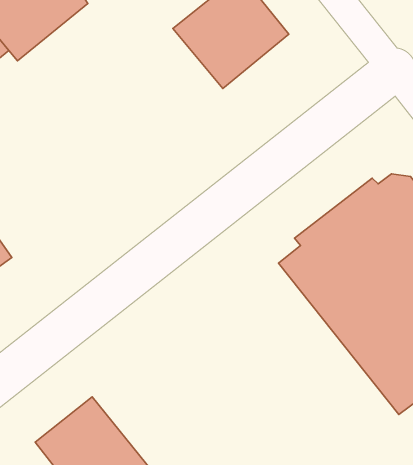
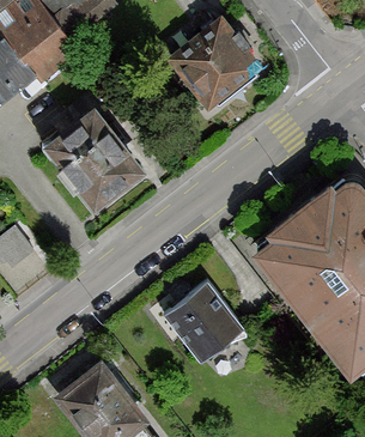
building: none -> [44,107,144,210]
building: none -> [164,284,242,363]

